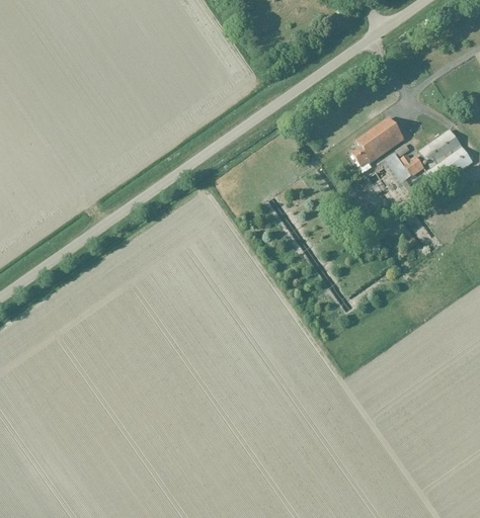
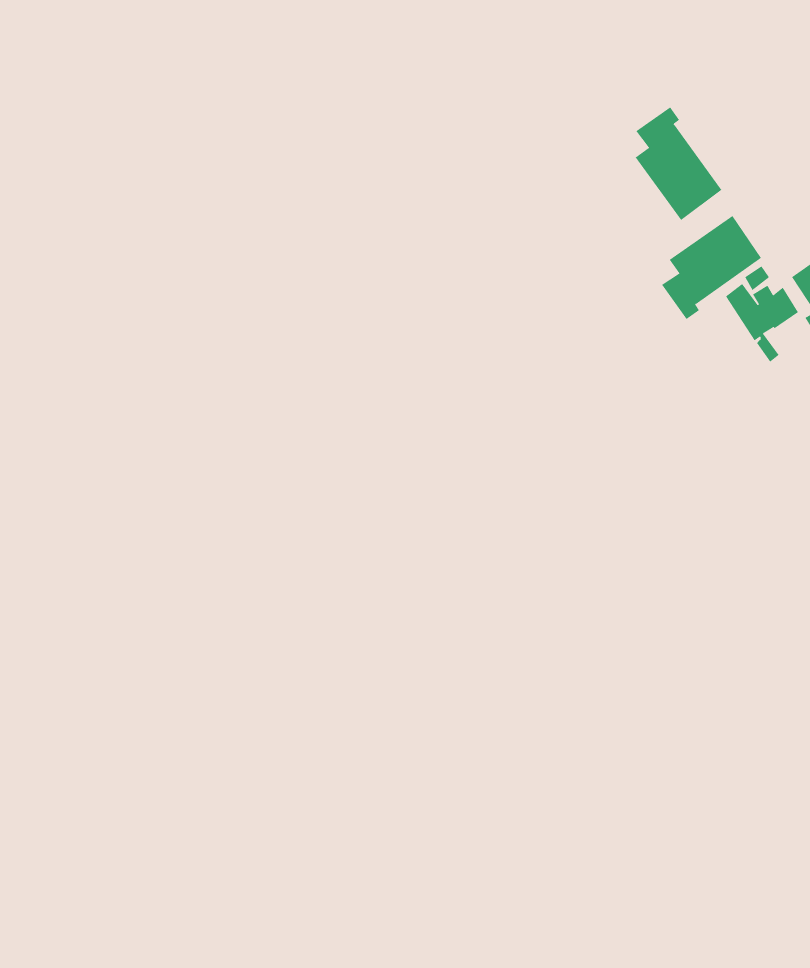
building: none -> [635,106,722,221]

